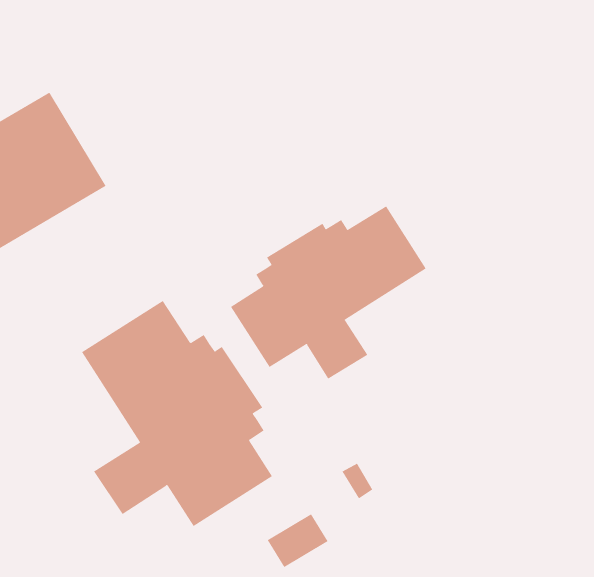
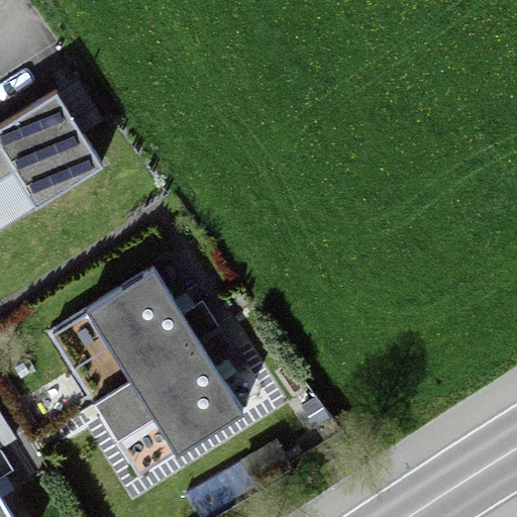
building: [230,206,427,380] -> none

